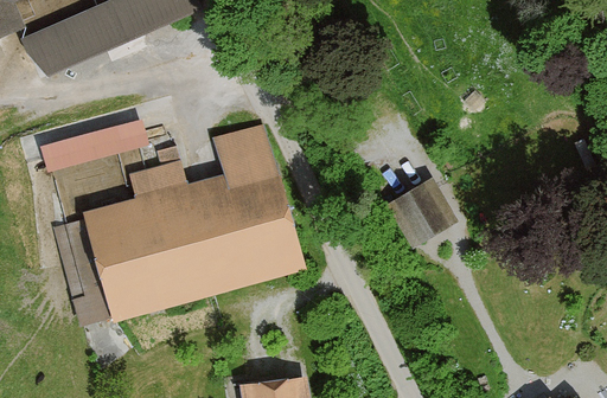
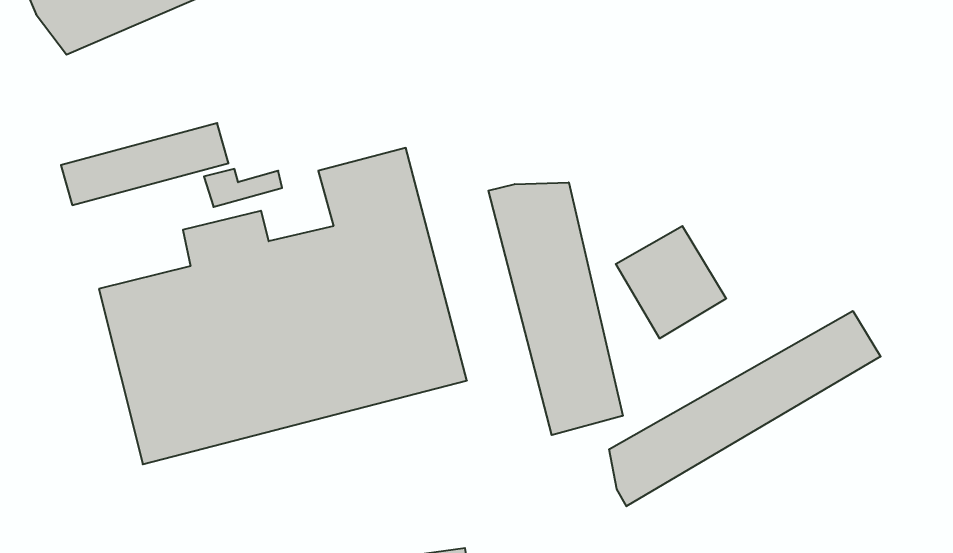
building: none -> [488,182,623,435]
building: none -> [609,311,881,506]

